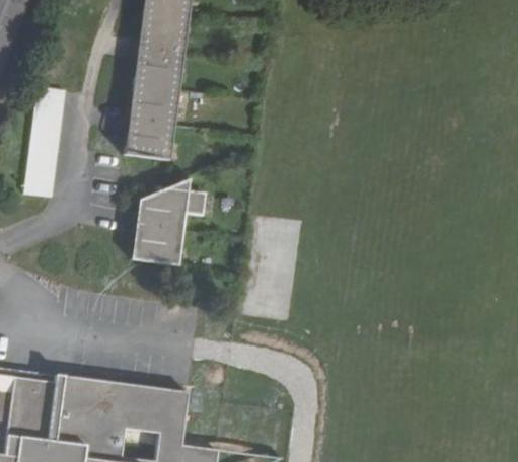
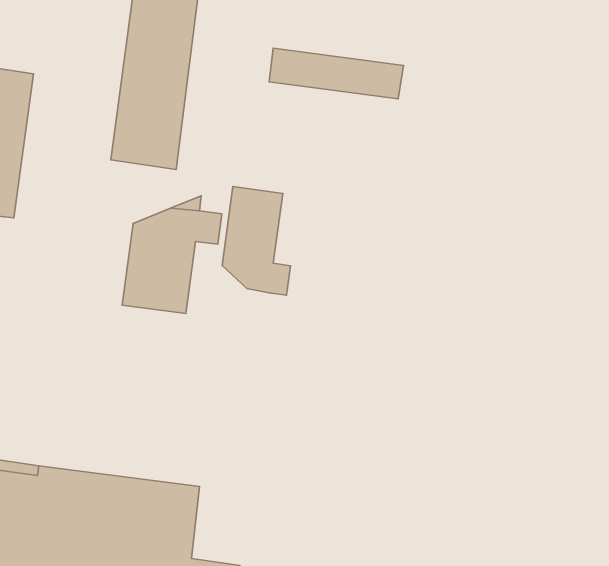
building: none -> [269,48,403,99]
building: none -> [222,186,290,295]

